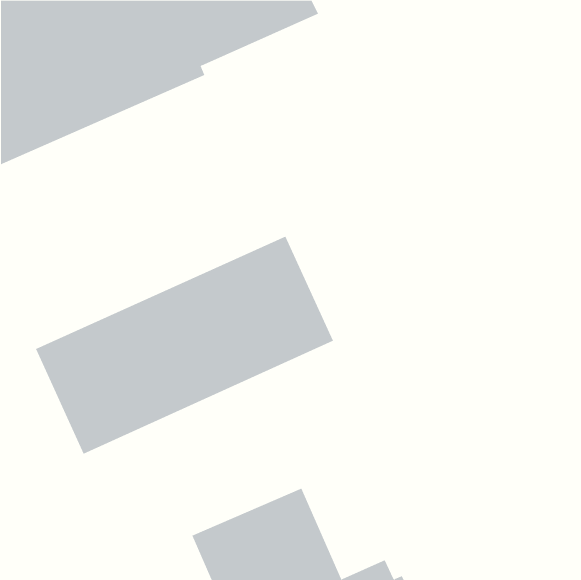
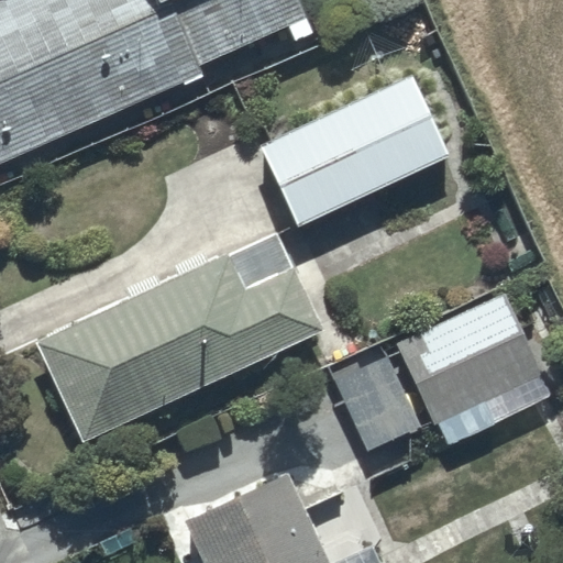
building: none -> [261,74,448,223]
building: none -> [328,292,552,452]

